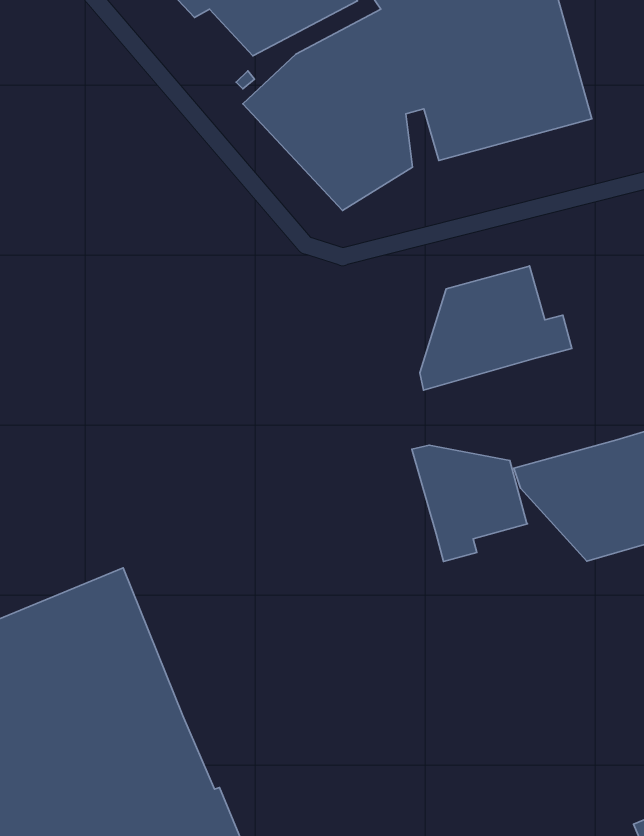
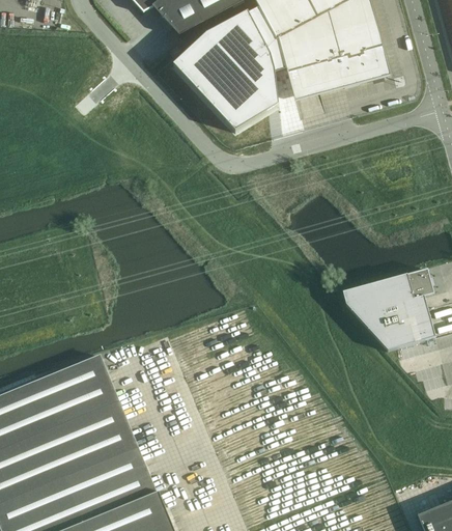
building: [420,266,572,390] -> none
building: [412,445,527,562] -> none

